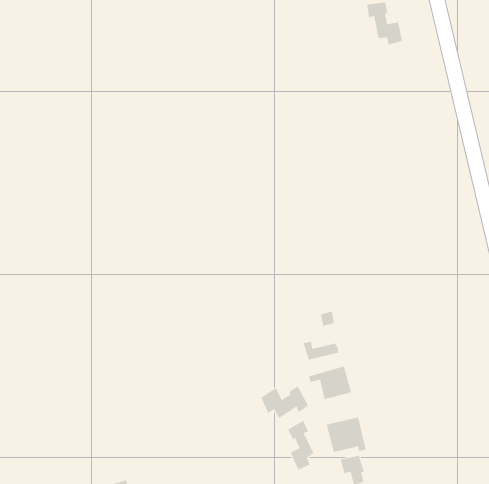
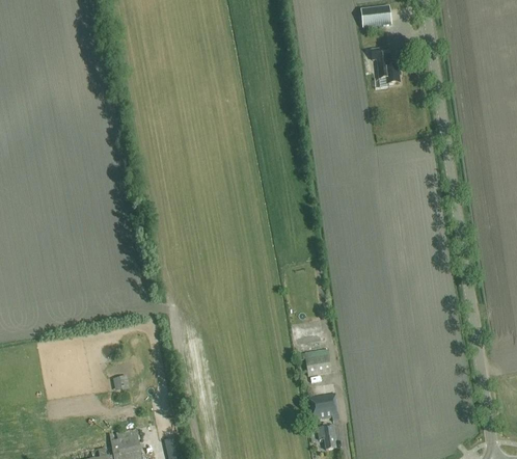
building: [261,385,309,419] -> none
building: [288,420,314,470] -> none

